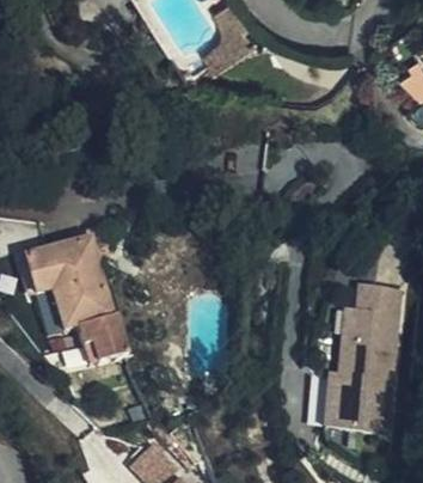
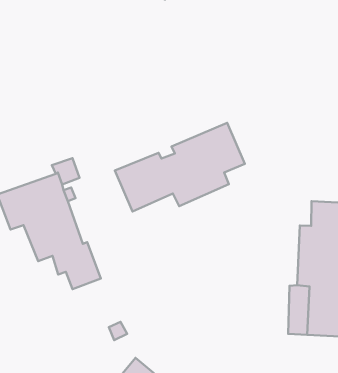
building: none -> [115,123,245,211]

